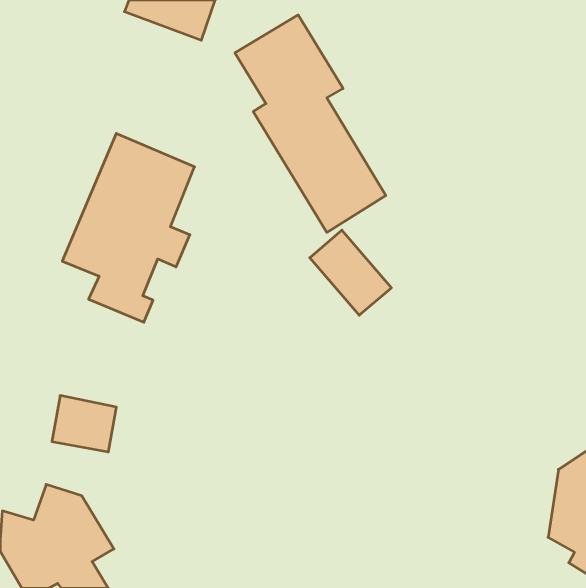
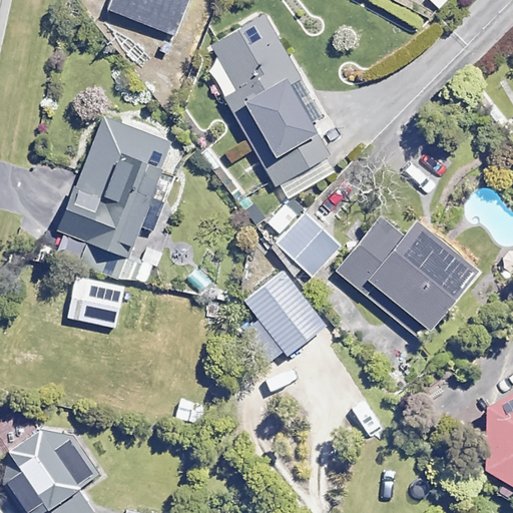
building: none -> [341,217,474,338]
building: none -> [243,272,325,356]
building: [52,396,116,452] -> [68,277,124,326]

